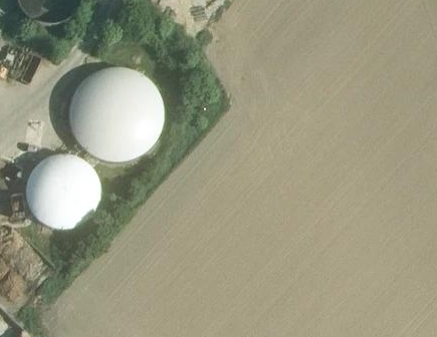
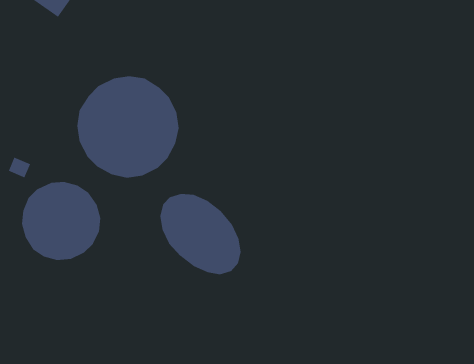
building: none -> [160,193,242,275]

